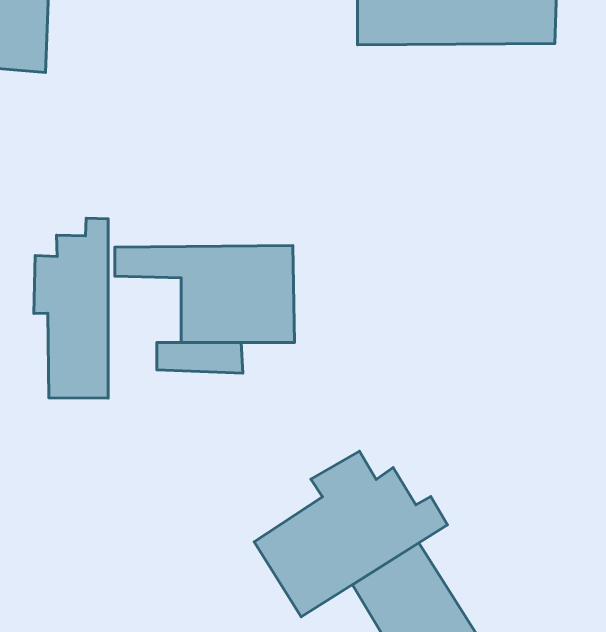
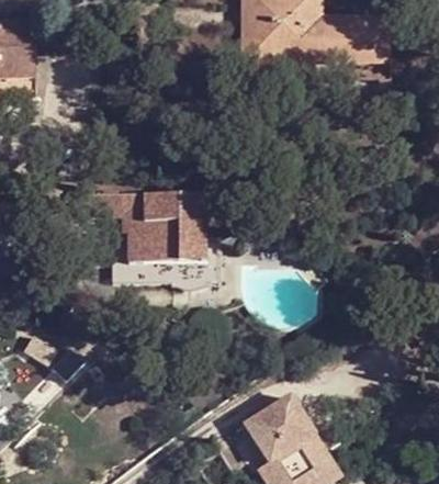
building: [34,218,108,398] -> none
building: [254,451,448,617] -> none

